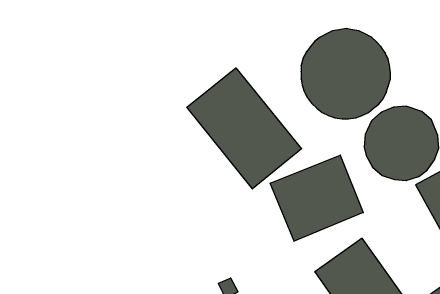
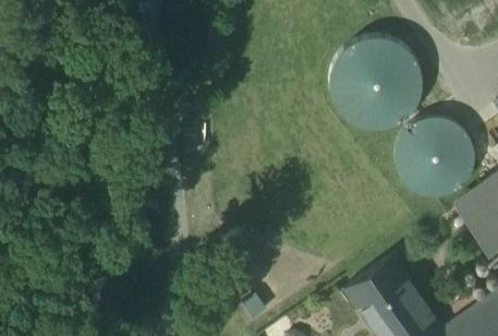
building: [187,68,302,189] -> none
building: [270,155,363,241] -> none

